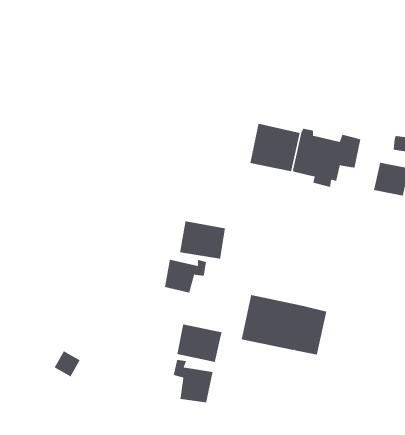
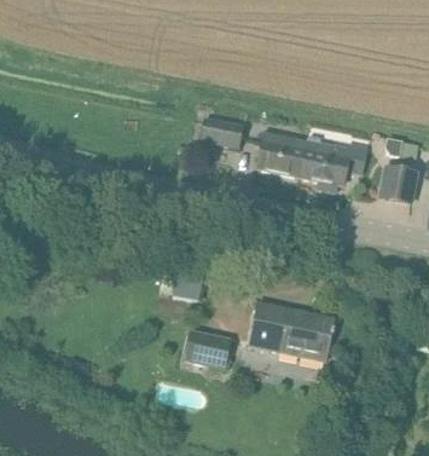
building: none -> [201,117,242,146]
building: [180,220,226,259] -> none
building: [173,359,213,403] -> none

